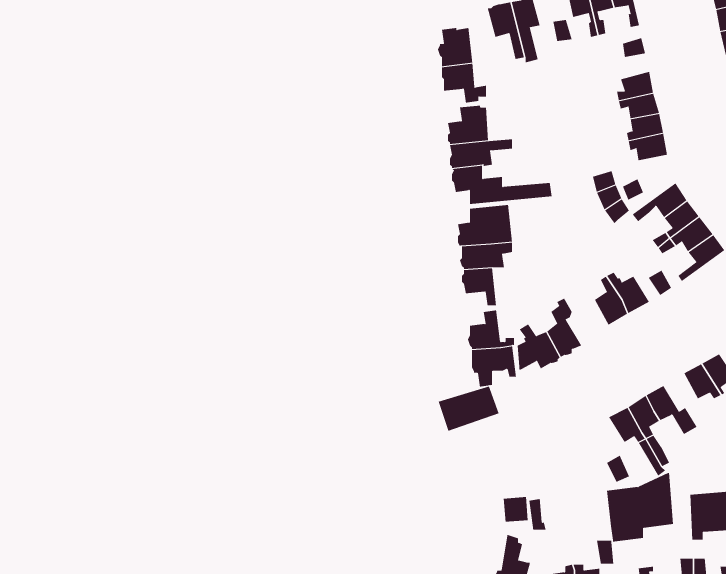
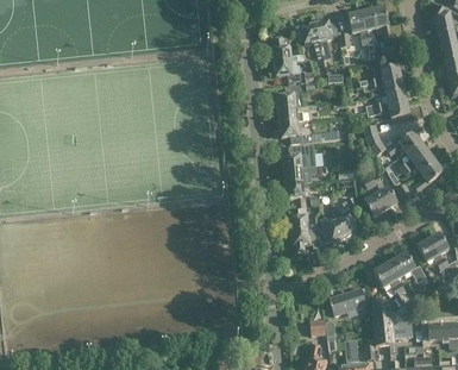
building: [438,386,499,431] -> [330,288,366,315]

